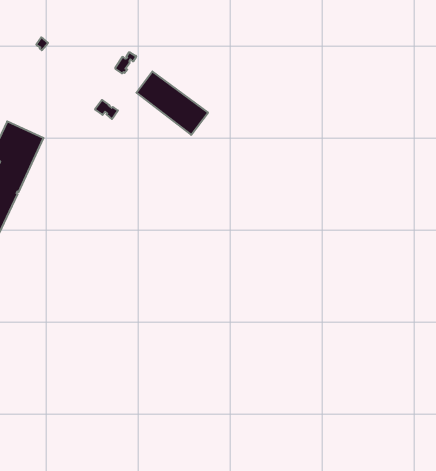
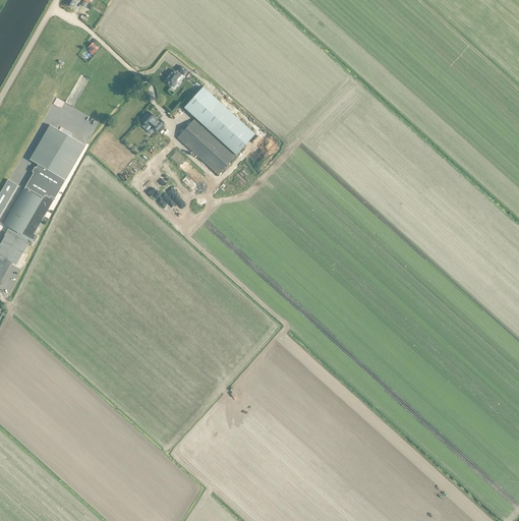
building: none -> [176,118,234,174]

